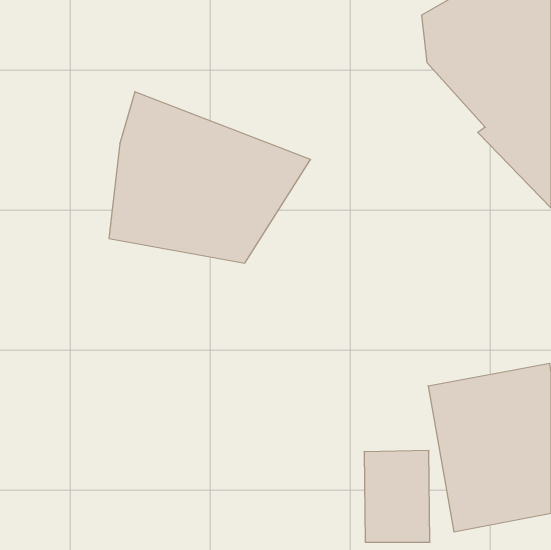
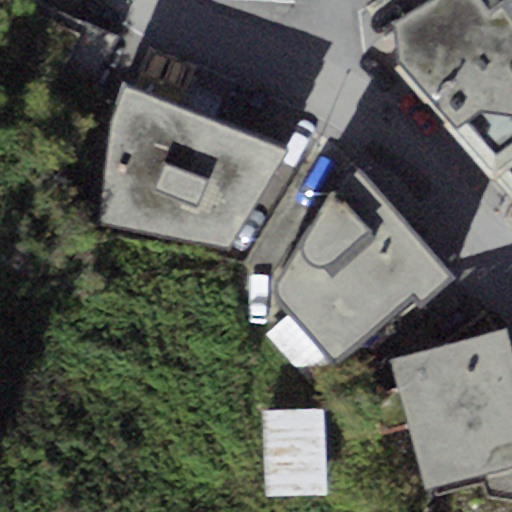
building: none -> [276,166,452,365]
building: [364,451,430,542] -> [265,411,326,496]

